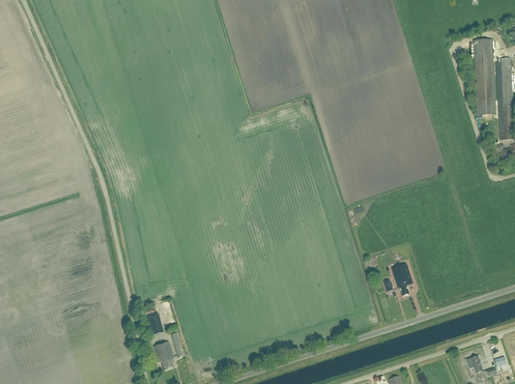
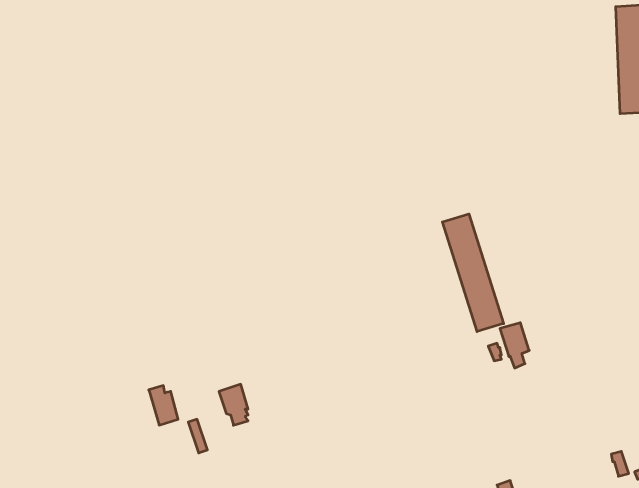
building: none -> [442,214,504,332]
building: [152,340,173,369] -> [219,384,248,425]

